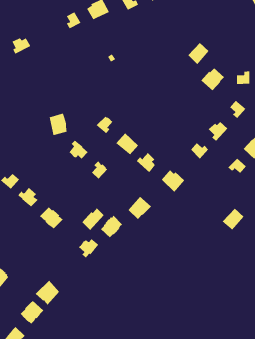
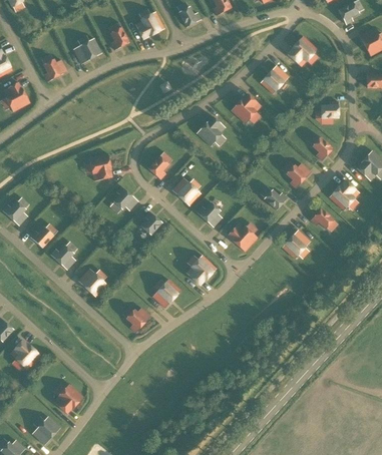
building: none -> [288,36,317,65]
building: none -> [73,37,101,63]
building: [200,68,225,91] -> [231,93,261,122]
building: none -> [197,115,225,145]
building: [81,207,105,231] -> none
building: [222,208,245,231] -> [282,230,310,258]
building: [35,280,60,305] -> none

